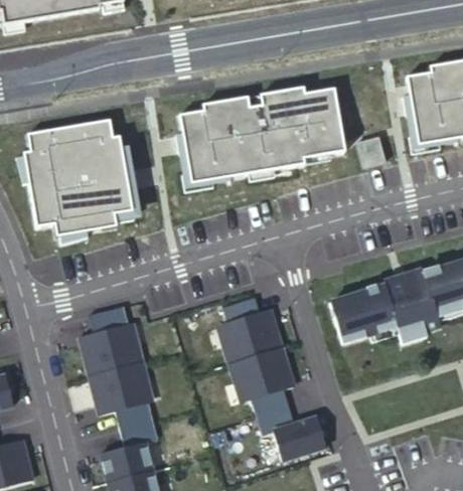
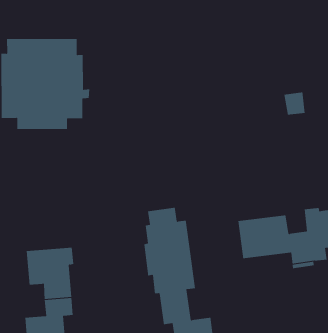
building: [176,86,344,181] -> none
building: [80,304,143,373] -> none

